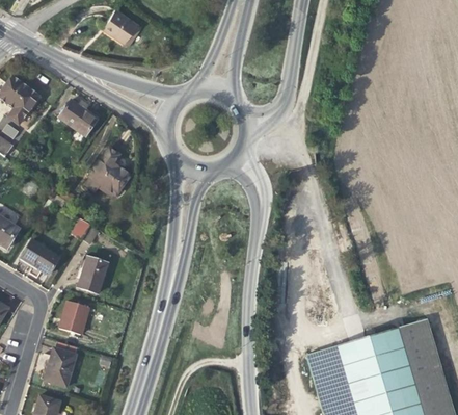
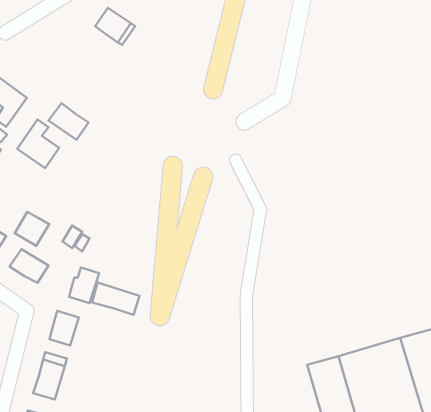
building: [89,148,130,194] -> [17,120,59,168]
building: none -> [15,212,49,246]
building: none -> [92,283,139,315]

